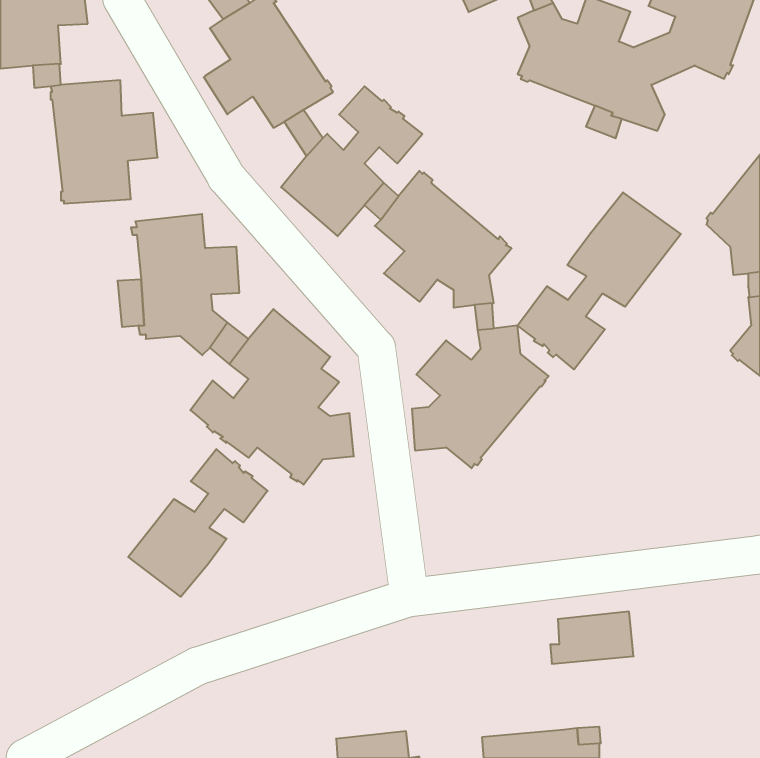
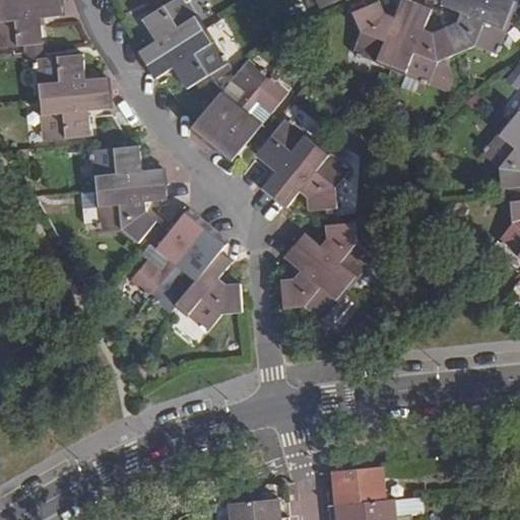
building: [518,192,681,369] -> none
building: [128,449,268,597] -> none
building: [550,612,634,664] -> [328,468,385,504]

